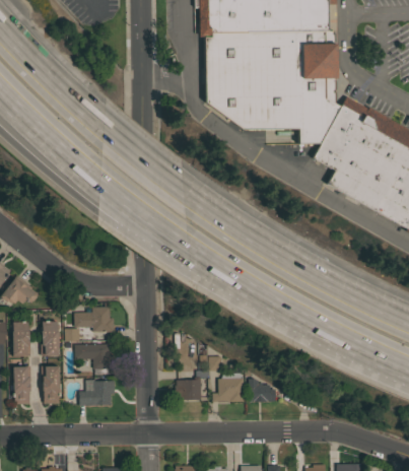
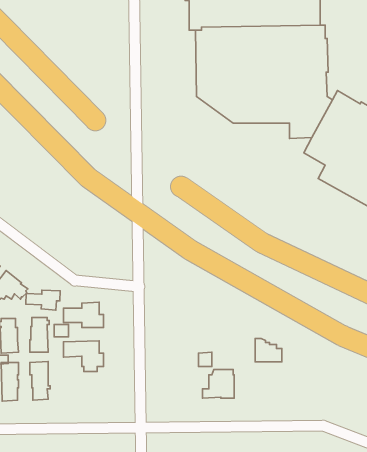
building: none -> [26,290,60,310]
building: [176,372,202,399] -> none
building: [250,378,276,401] -> [255,338,282,362]
building: [80,380,116,405] -> none

